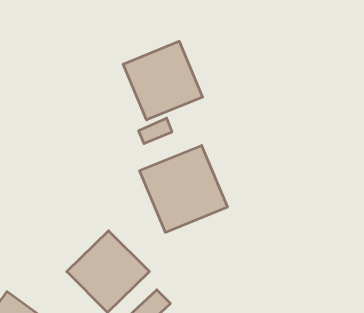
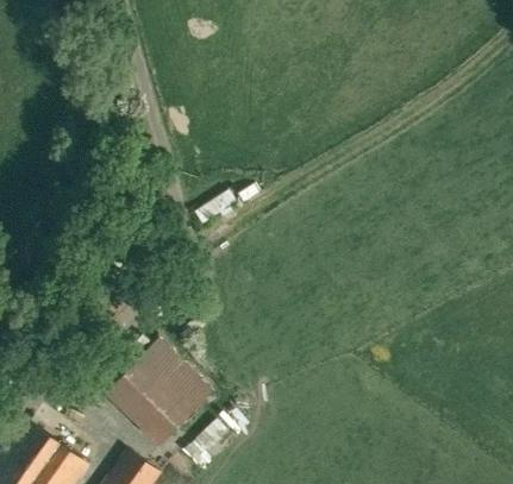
building: [123,41,203,120] -> none
building: [140,145,227,232] -> none

